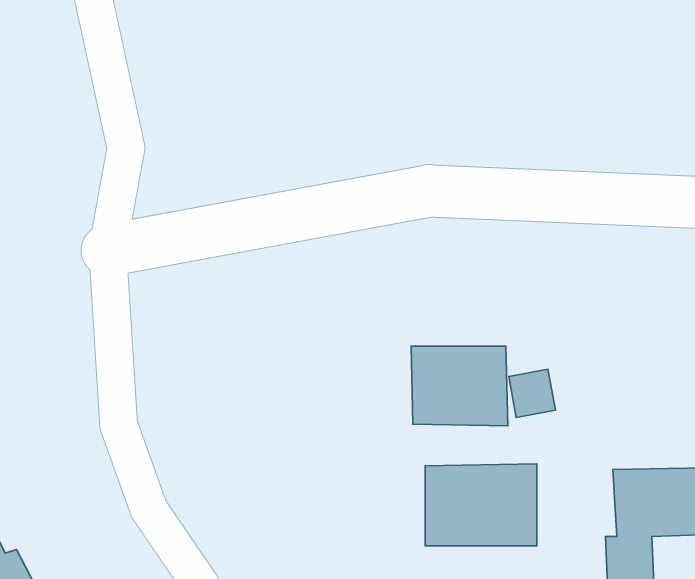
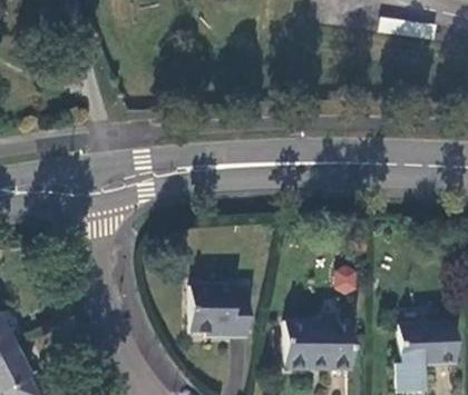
building: [411,346,508,426] -> [191,283,248,330]

